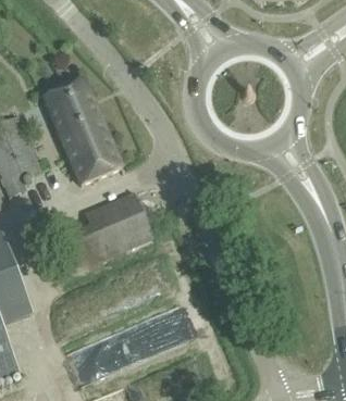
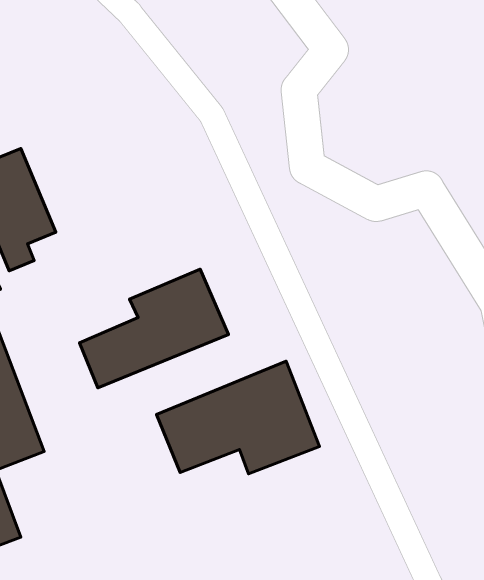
building: [44,79,122,185] -> none
building: none -> [156,361,320,474]

